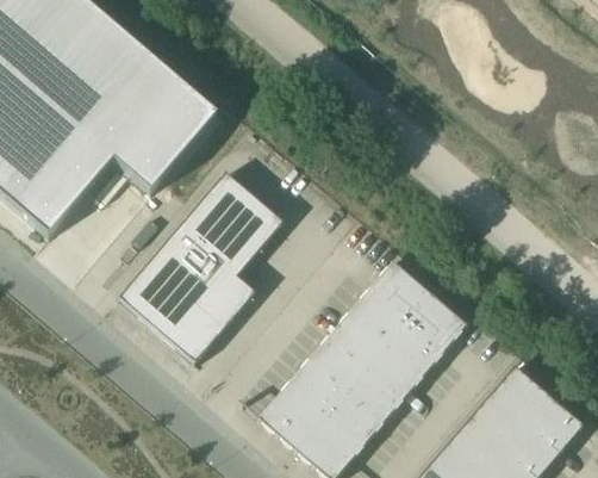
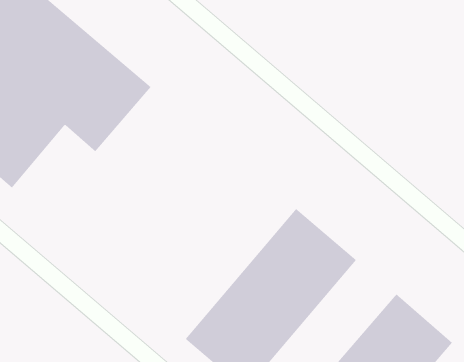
building: [118,169,284,362] -> none

